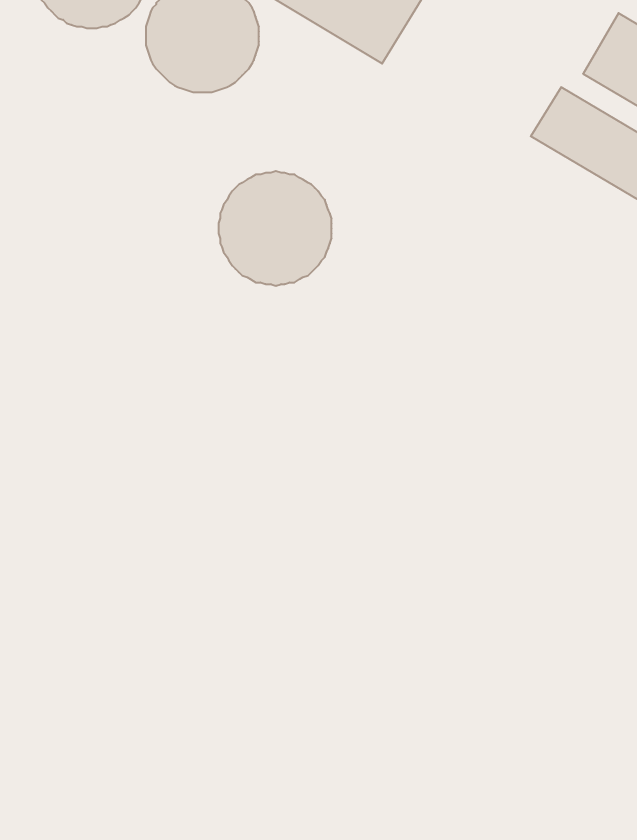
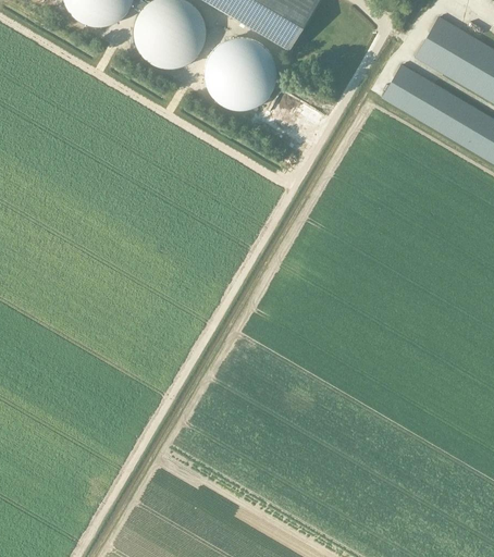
building: [219,171,332,286] -> [205,37,277,111]

